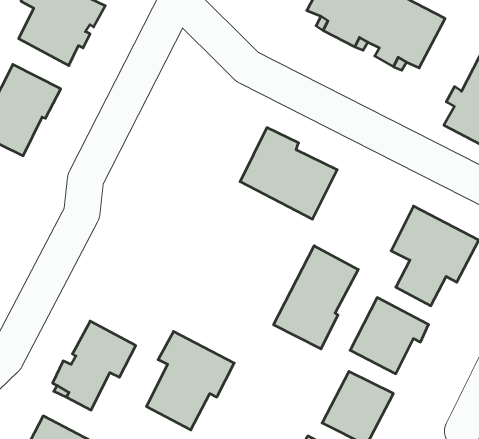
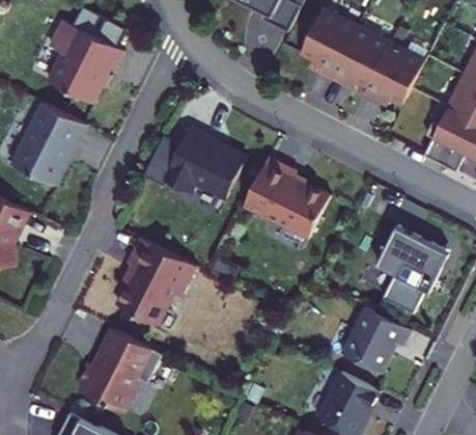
building: none -> [143,126,245,198]
building: [274,246,358,349] -> none
building: [146,331,234,430] -> [115,238,193,325]

